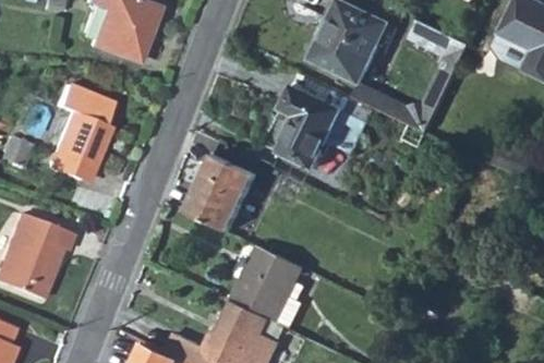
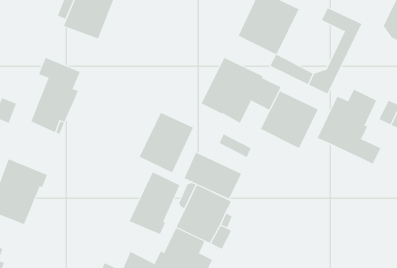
building: none -> [317,89,381,164]
building: none -> [260,90,318,149]
building: none -> [184,152,242,199]
building: none -> [129,172,180,235]

